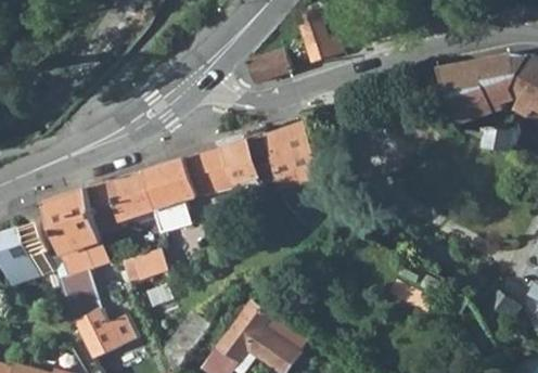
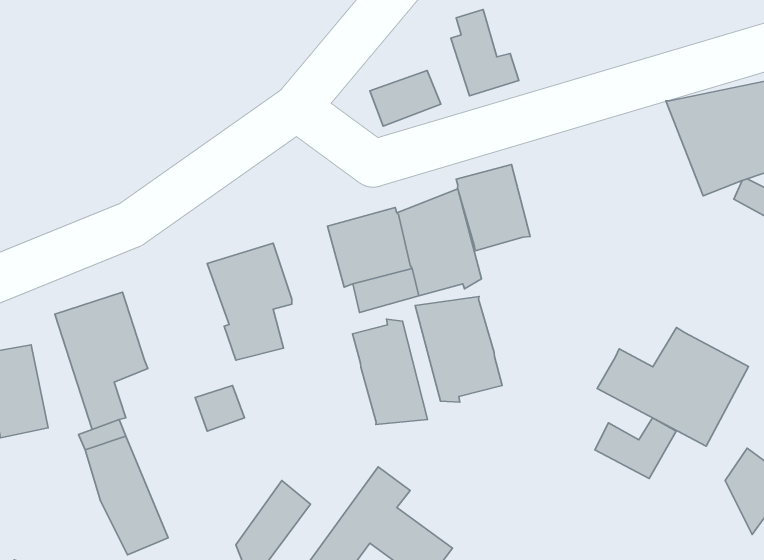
building: none -> [456,165,530,251]
building: [184,146,230,193] -> none
building: [88,170,156,232] -> none
building: none -> [415,297,502,402]
building: none -> [352,319,428,424]
building: none -> [597,327,749,446]

